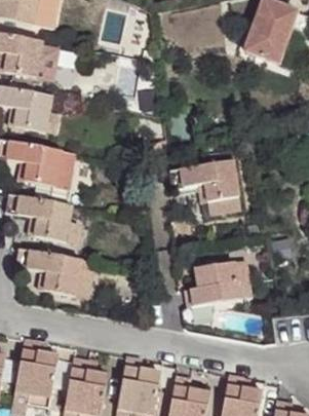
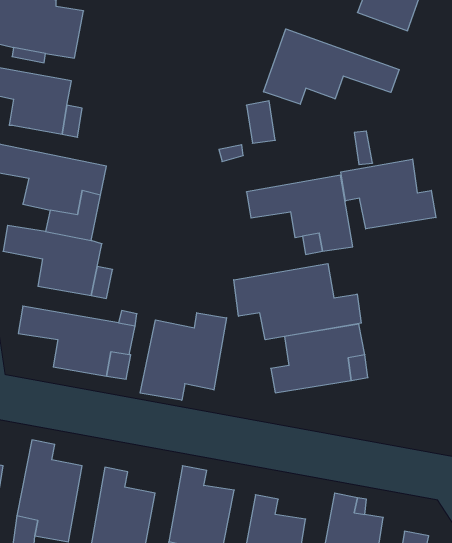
building: none -> [264,29,399,104]
building: none -> [341,159,436,229]
building: none -> [234,264,361,340]
building: none -> [140,313,227,400]

